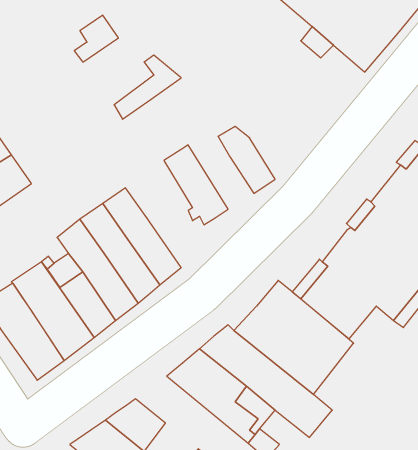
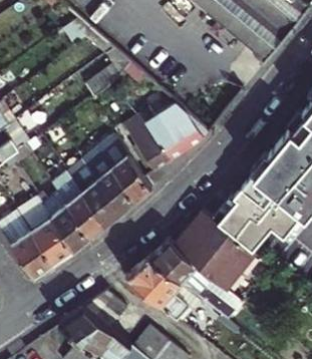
building: none -> [140,107,187,158]
building: none -> [96,131,152,200]

